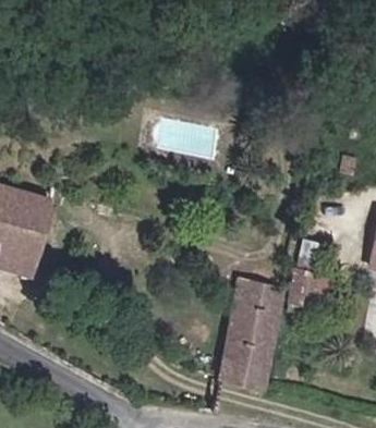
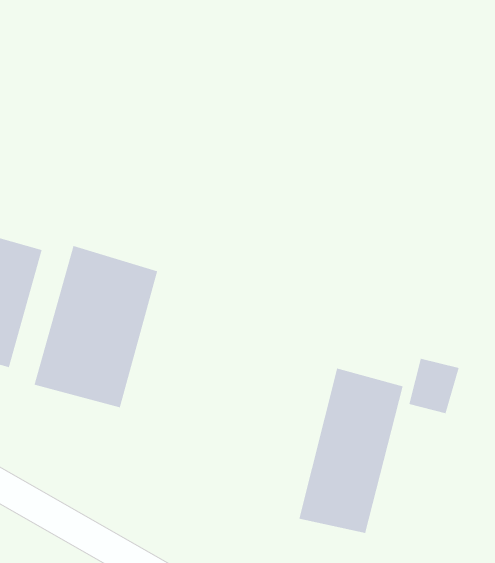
building: none -> [34,245,158,408]

